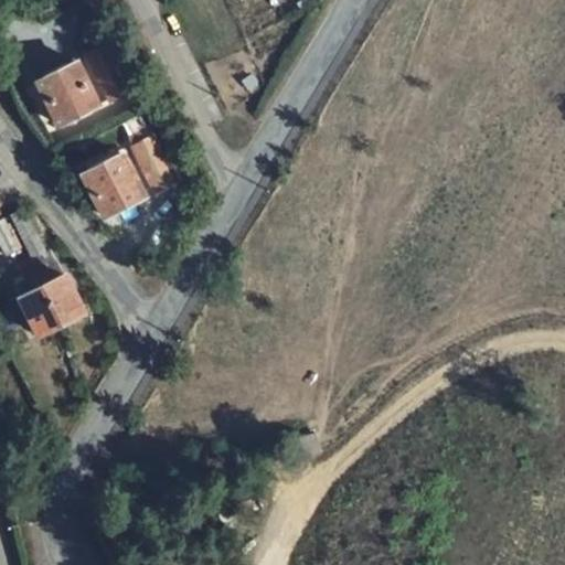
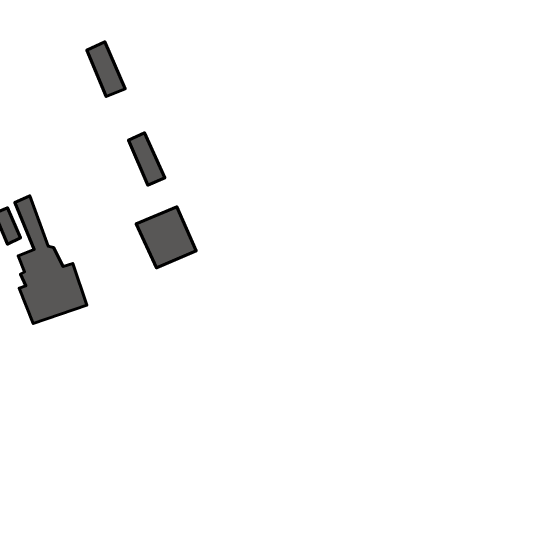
building: [33,66,94,127] -> none
building: [75,154,137,217] -> [136,207,196,268]

